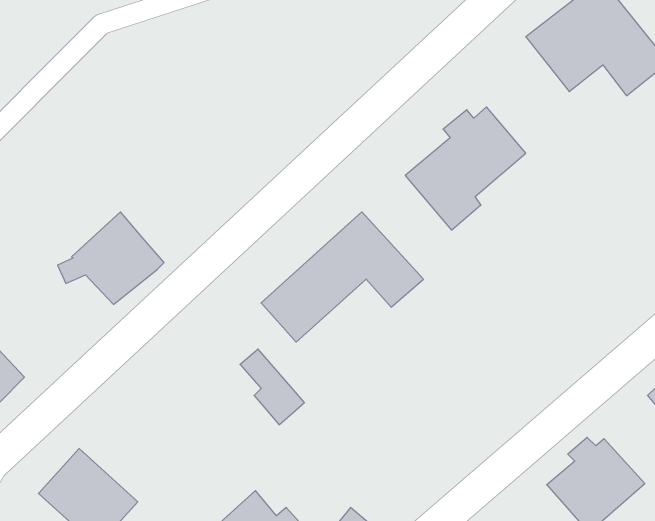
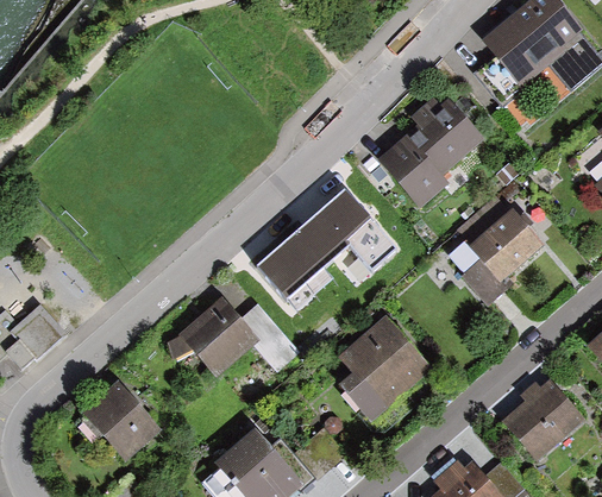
building: [58,212,164,304] -> [168,296,258,375]
building: none -> [460,209,541,307]
building: none -> [337,315,432,422]

